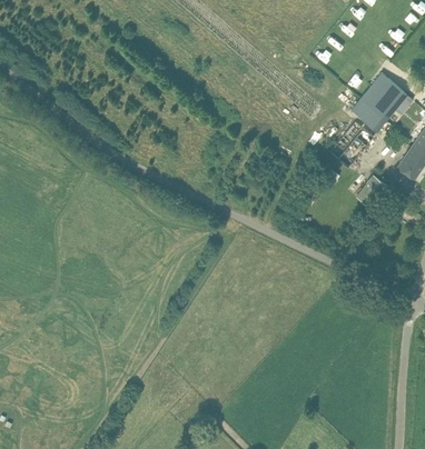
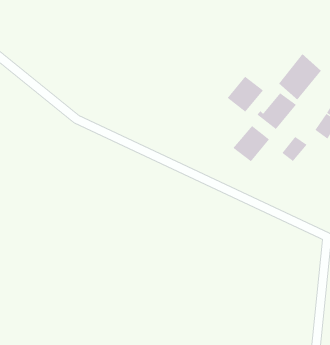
building: none -> [227,76,264,112]
building: none -> [233,125,270,162]

